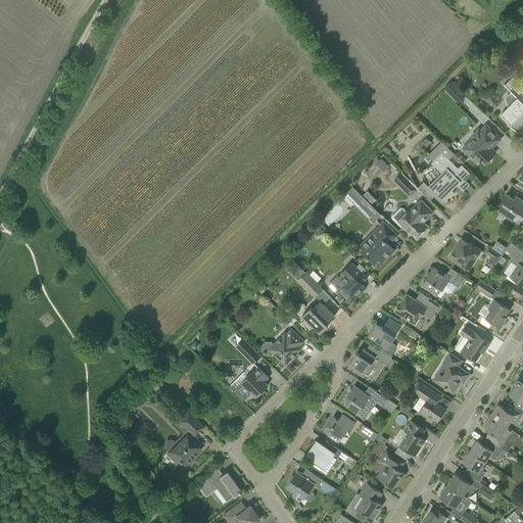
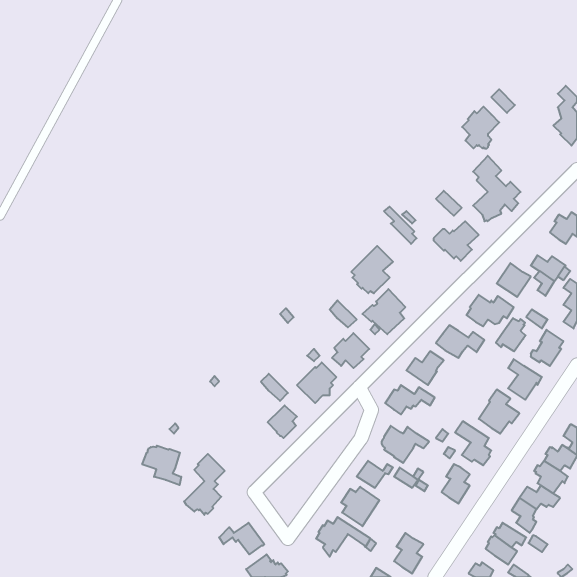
building: [467,125,501,162] -> [462,107,499,148]
building: [360,222,397,265] -> [351,246,393,293]
building: none -> [496,318,526,351]
building: none -> [142,446,181,485]
building: [377,449,405,487] -> none

